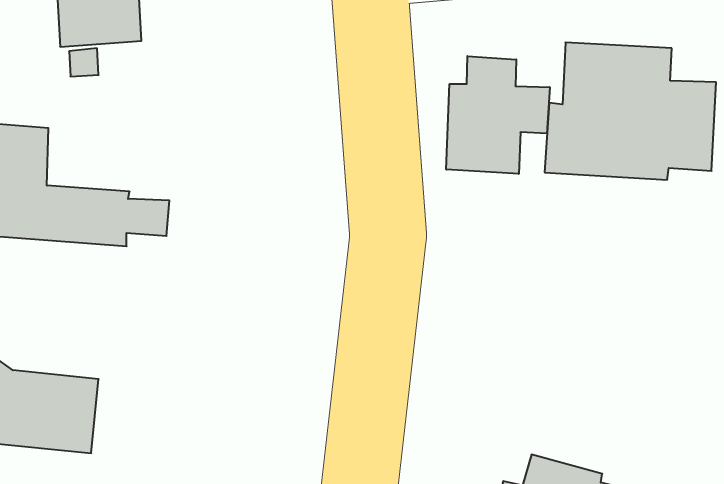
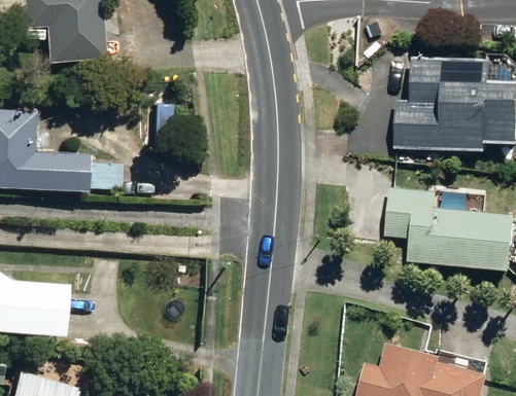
building: [446,56,550,174] -> none
building: none -> [380,185,505,271]

